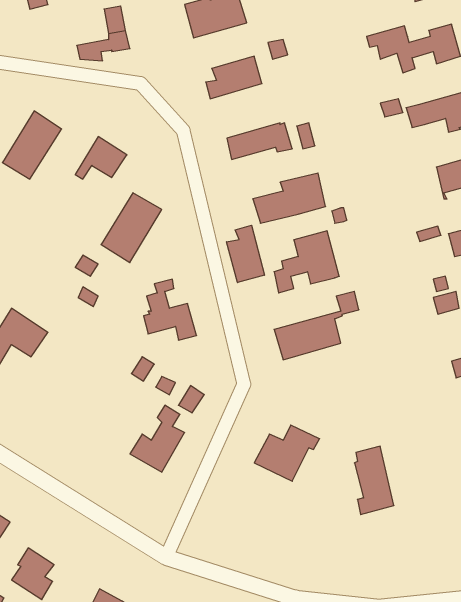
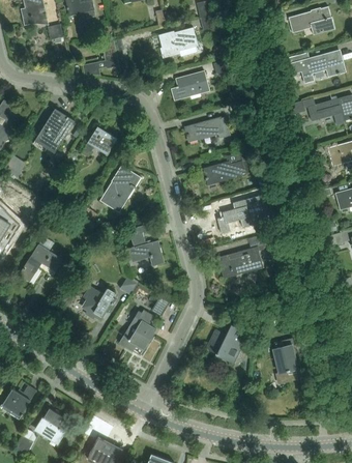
building: [227,225,264,283] -> none
building: none -> [83,286,116,320]

